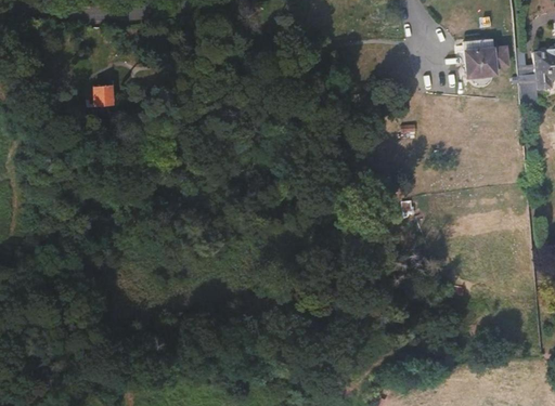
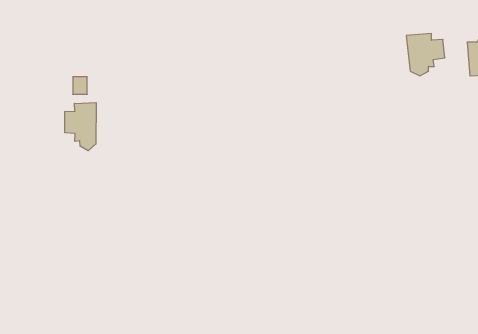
building: none -> [65,103,96,151]

